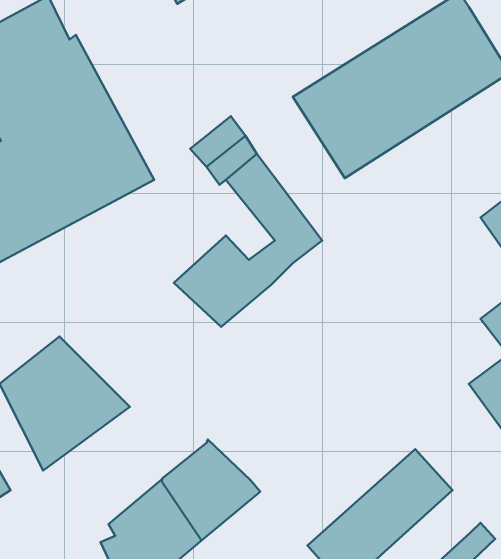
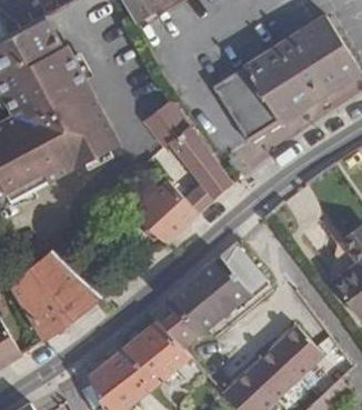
building: none -> [148,241,267,348]

